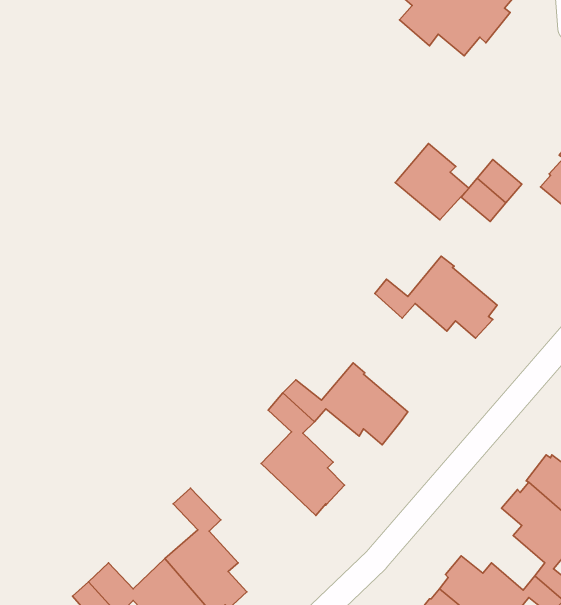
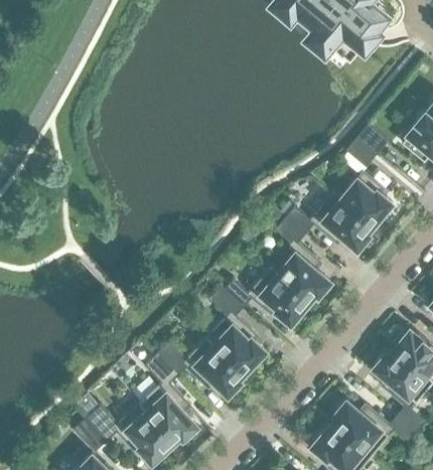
building: [395,143,469,220] -> [340,173,392,226]
building: none -> [275,218,329,301]
building: none -> [157,337,245,396]

